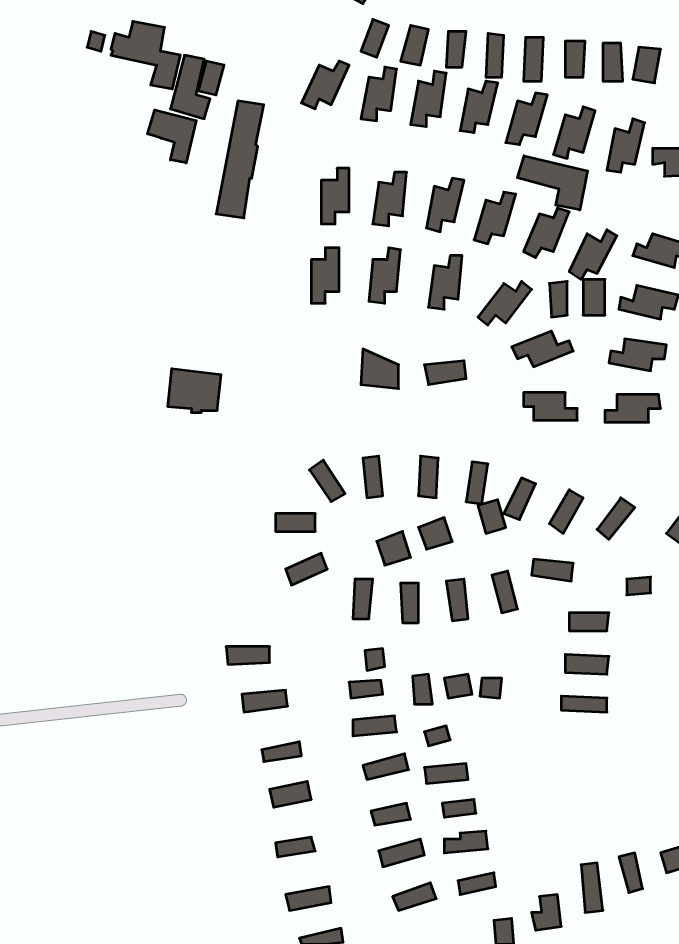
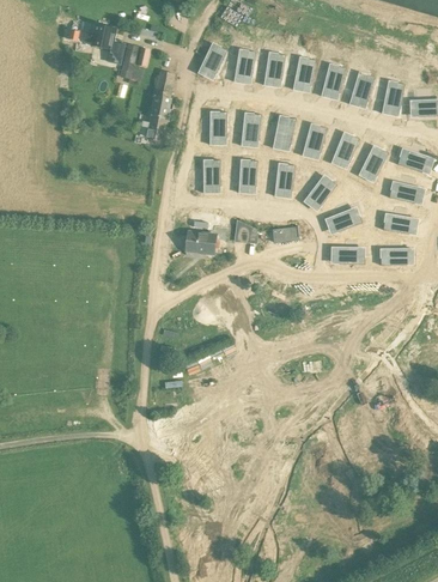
building: [148,110,196,163] -> none
building: [517,156,588,210] -> none
building: [168,369,221,412] -> [183,228,215,254]

